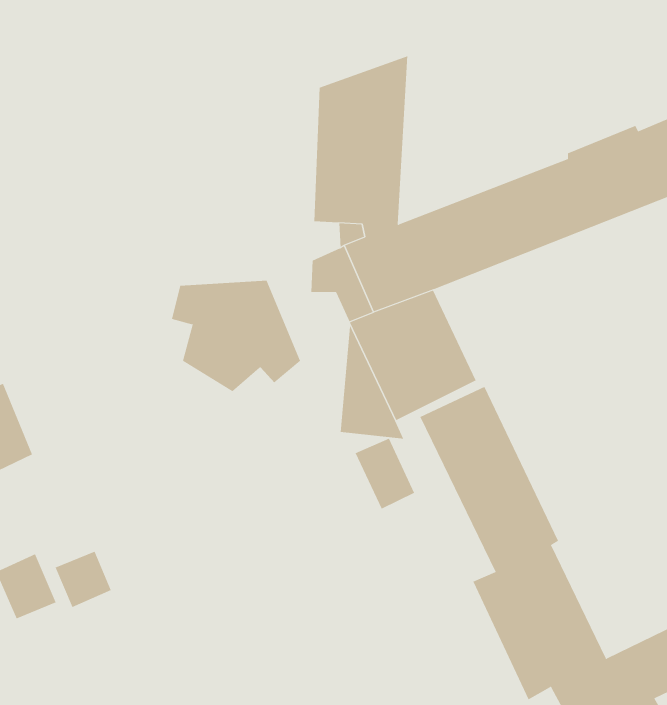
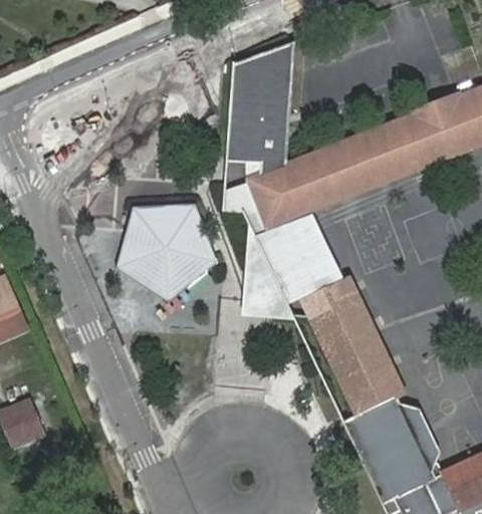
building: none -> [115,231,199,302]
building: [355,438,415,509] -> none
building: [55,551,111,608] -> none

